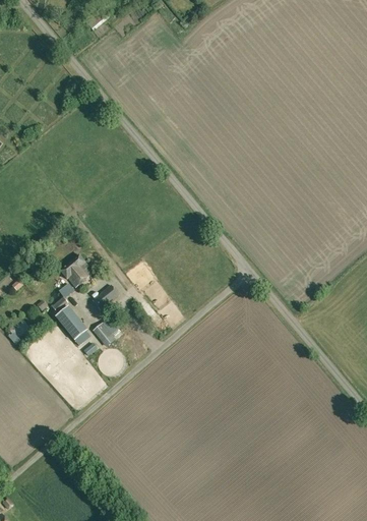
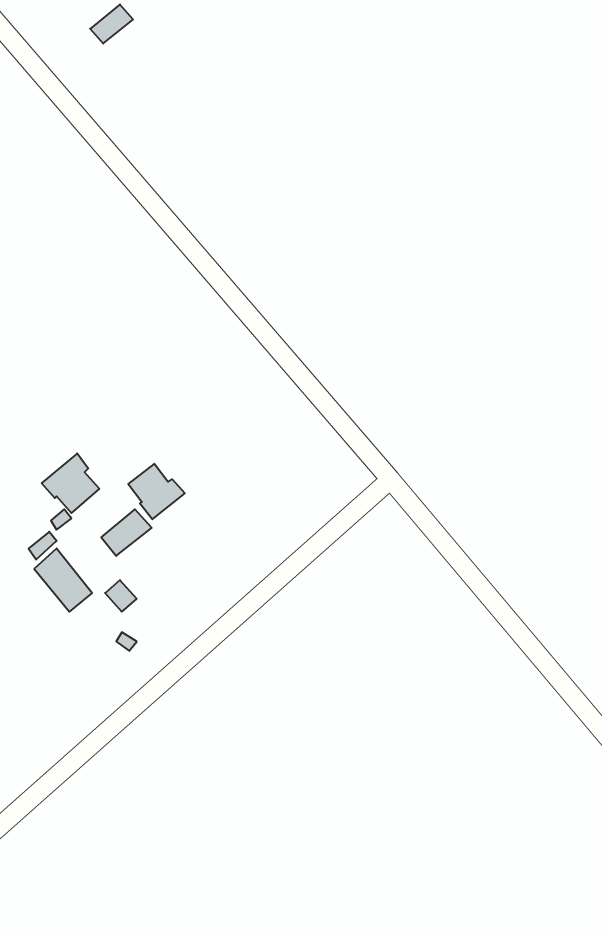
building: none -> [128,464,185,519]

